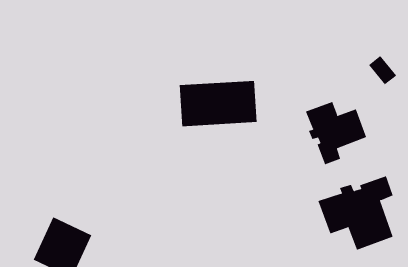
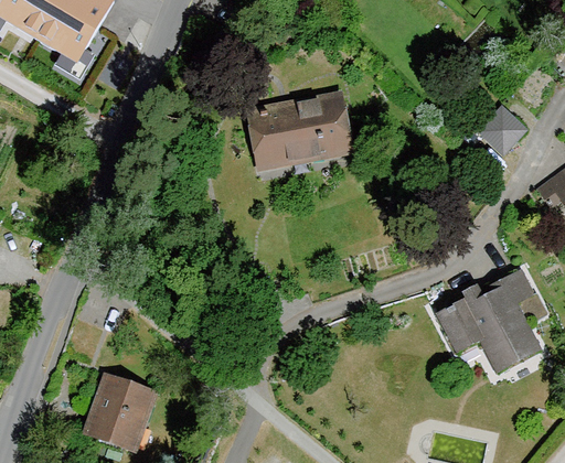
building: [179,80,257,127] -> [246,96,352,166]
building: [305,101,367,165] -> none

